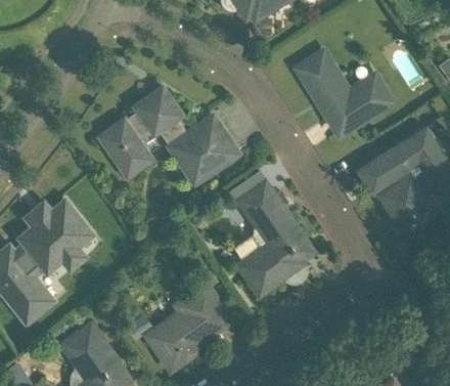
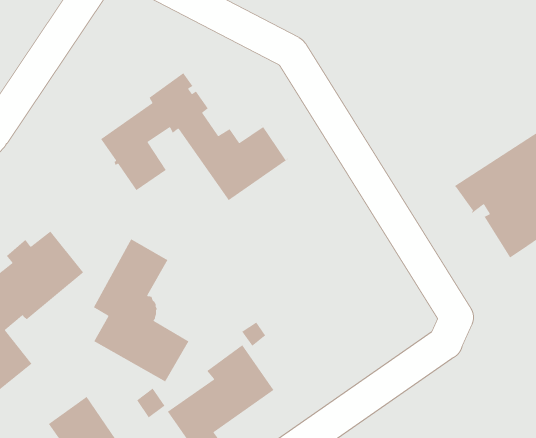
building: [297,51,392,135] -> none
building: [239,183,305,293] -> none
building: none -> [93,238,190,383]

